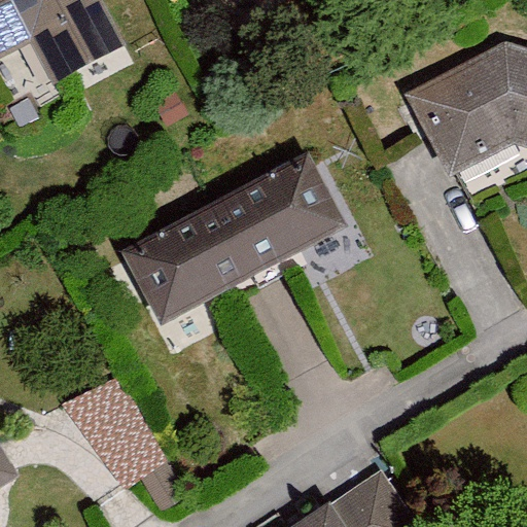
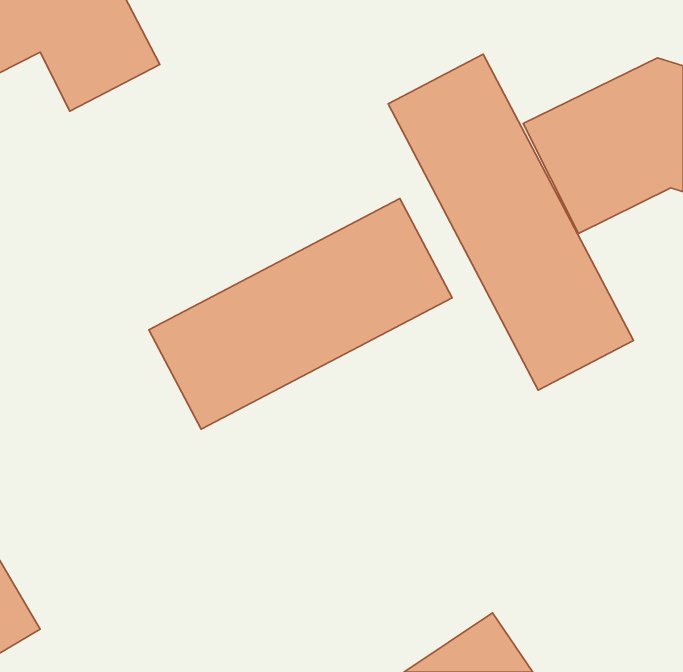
building: none -> [388,54,633,390]
building: [67,365,167,481] -> none

